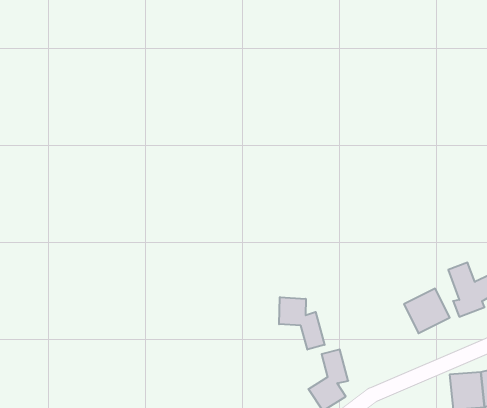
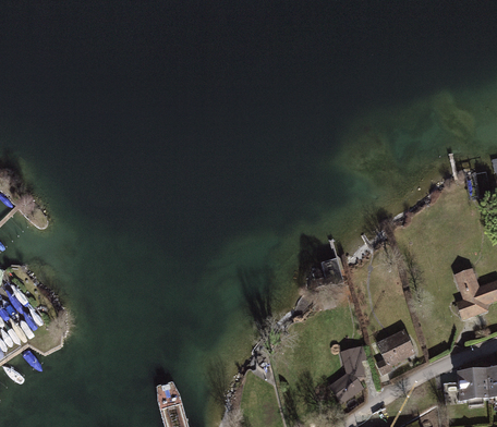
building: [404,289,450,333] -> [375,329,416,369]
building: [279,297,325,350] -> none

